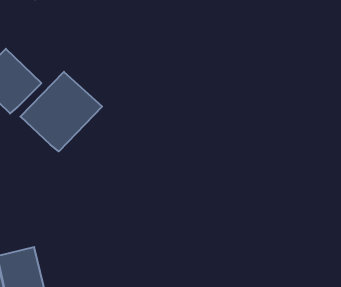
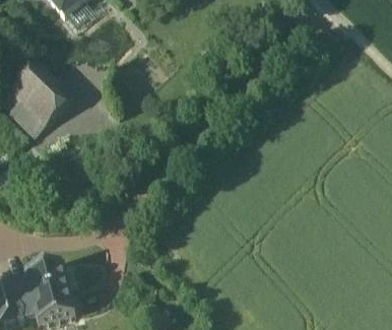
building: [20,72,102,151] -> none

